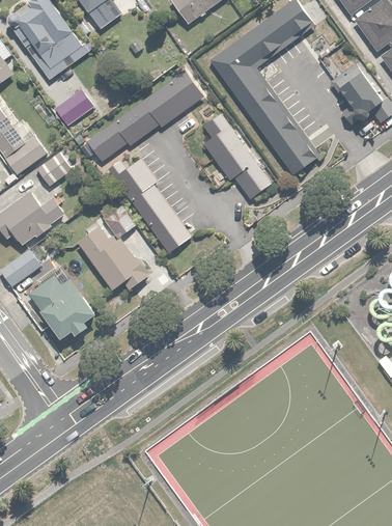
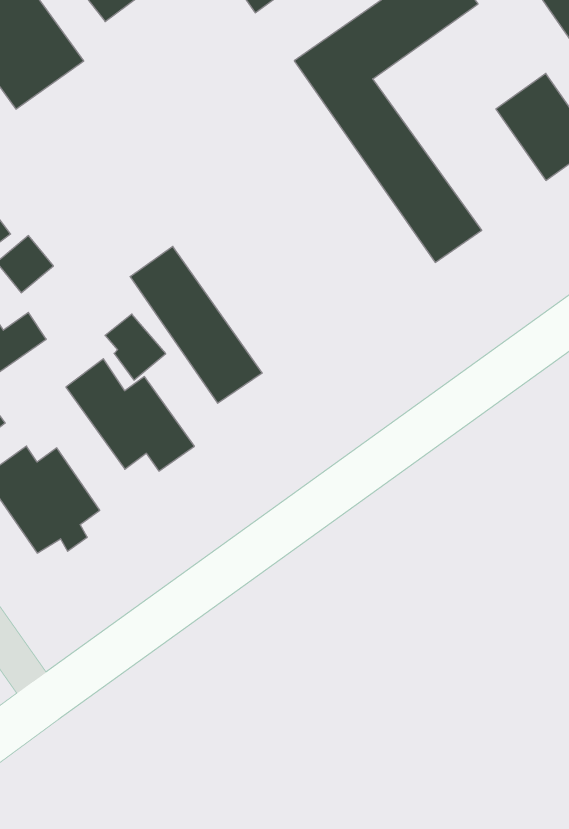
building: [86,72,203,162] -> none
building: [56,90,91,123] -> none
building: [206,115,271,197] -> none

